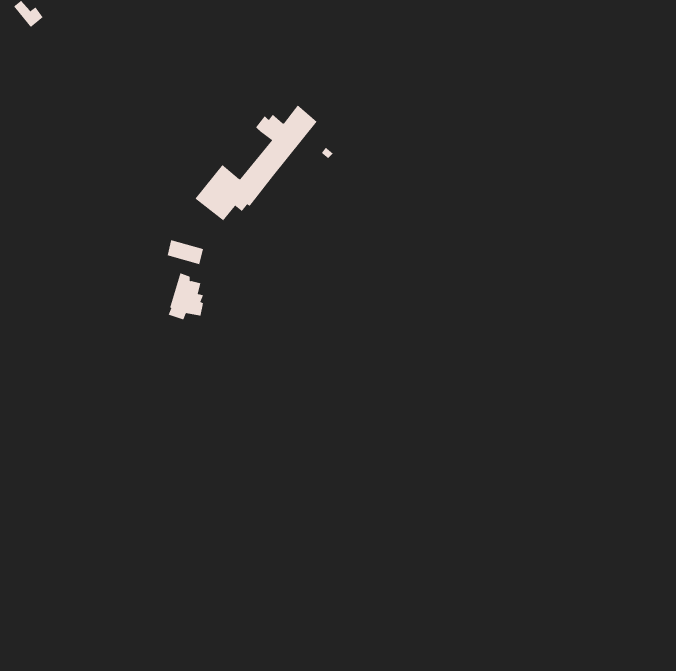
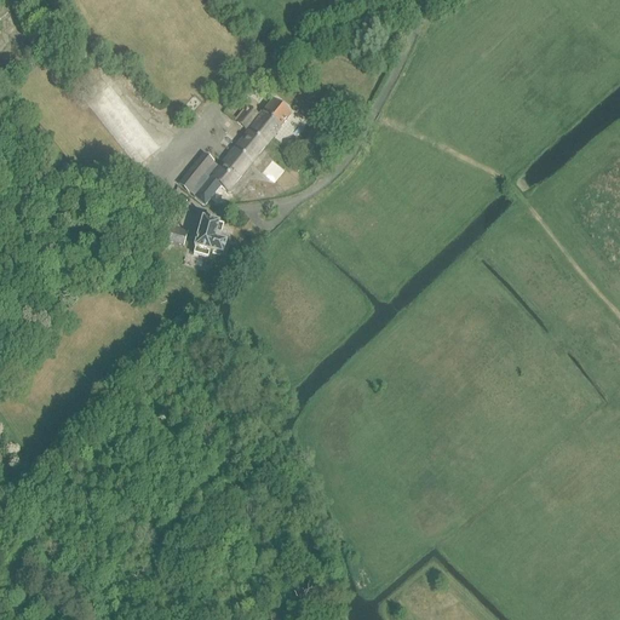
building: [168,273,204,320] -> [193,212,225,256]

